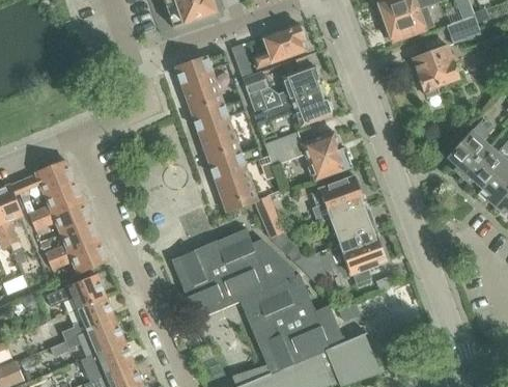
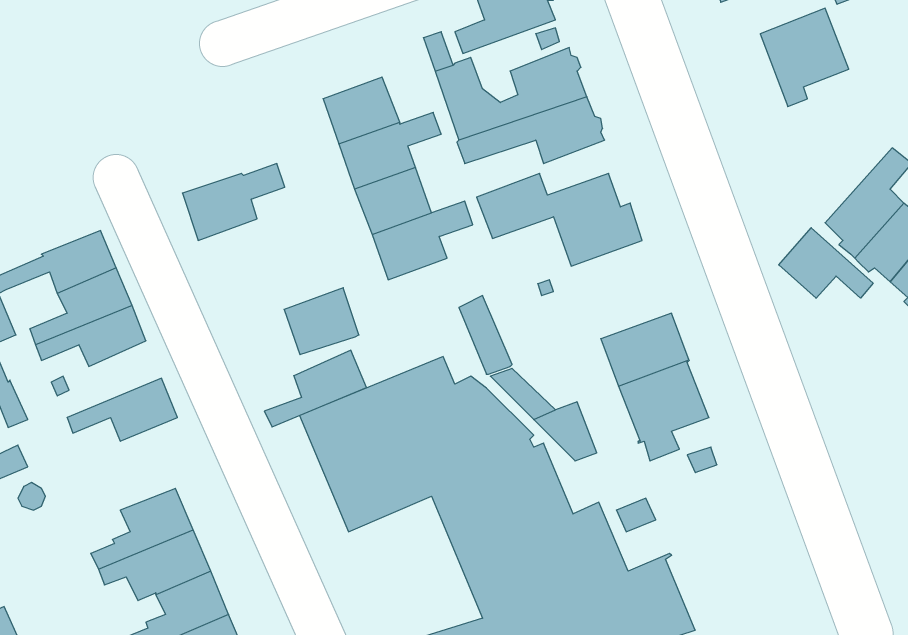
building: [175,52,229,92] -> [182,164,285,240]
building: none -> [779,228,873,298]
building: [312,175,367,223] -> none
building: [218,176,257,212] -> [284,288,359,355]
building: [45,220,98,260] -> [264,350,367,427]
building: [46,274,106,309] -> none

